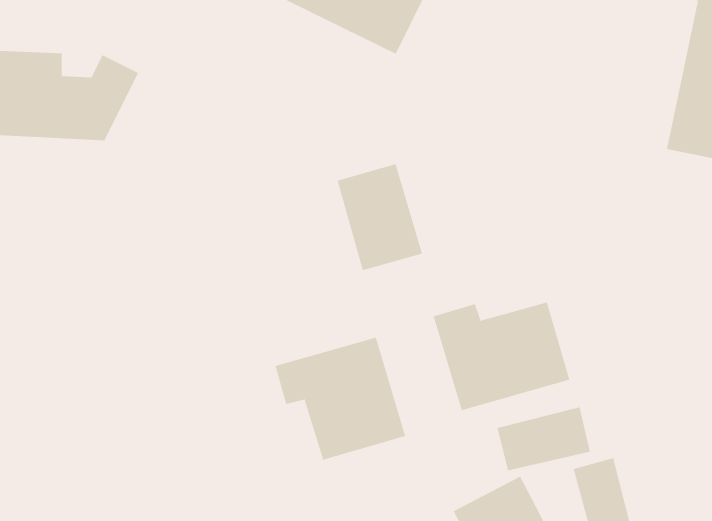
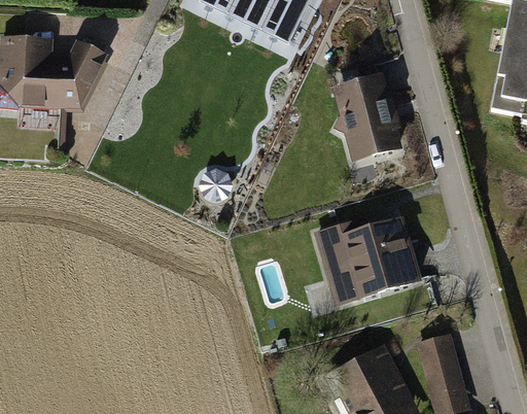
building: [337,164,423,271] -> [337,77,399,156]
building: [275,337,406,461] -> none
building: [497,407,591,471] -> none

